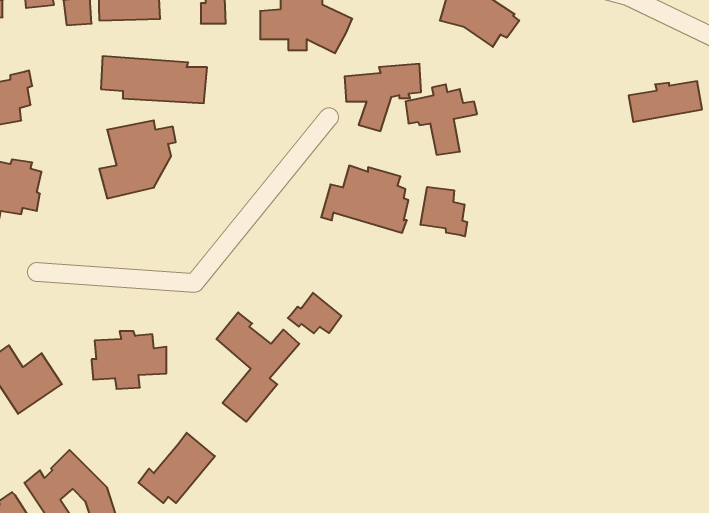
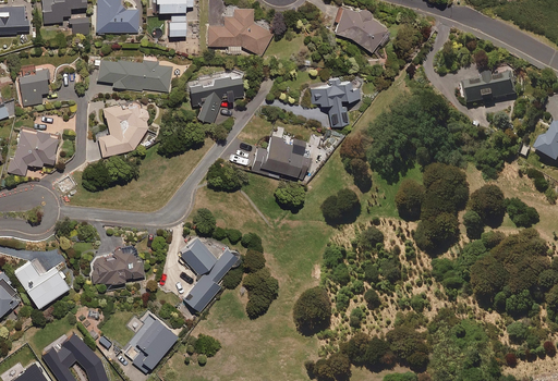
building: [345,64,421,131] -> [187,76,241,123]
building: [421,187,467,236] -> none
building: [288,293,341,333] -> none

